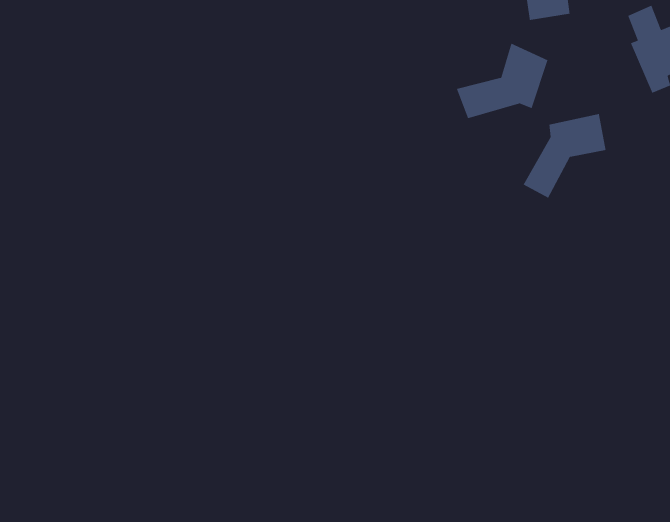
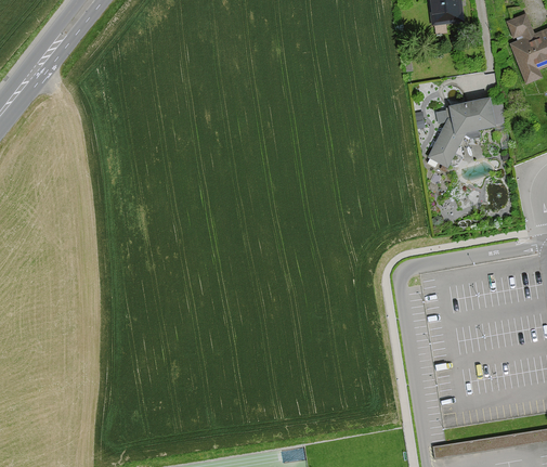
building: [456,42,548,119] -> none

